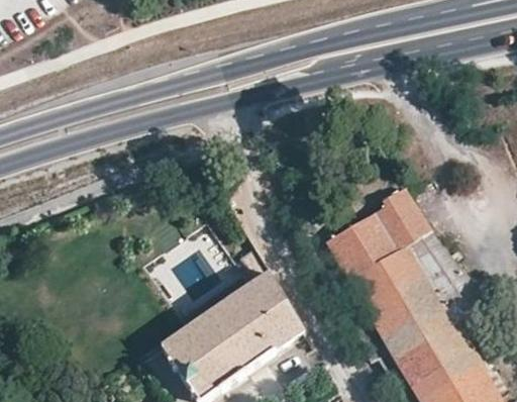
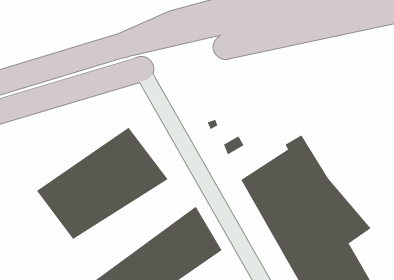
building: none -> [36,127,169,240]

